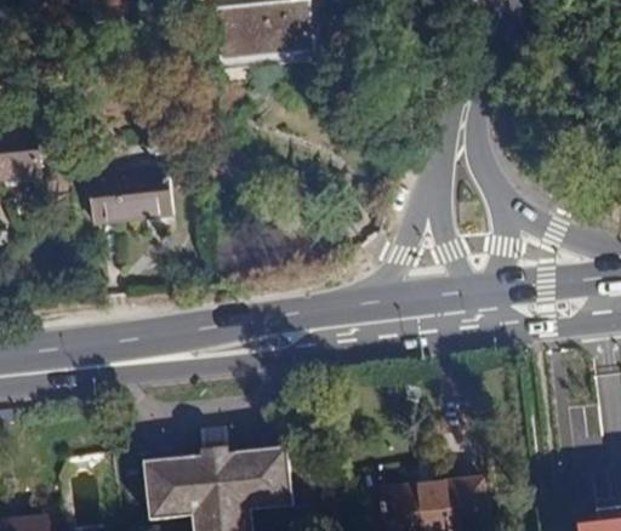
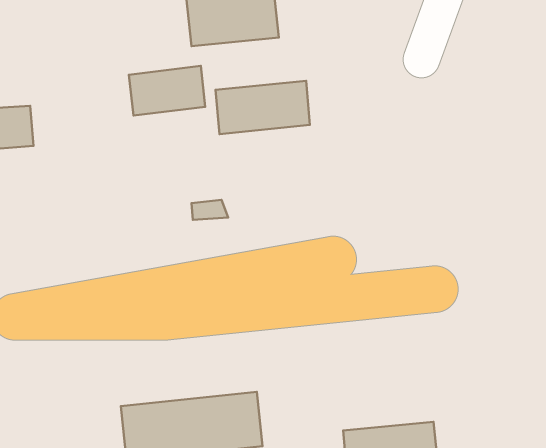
building: none -> [215,81,310,134]
building: [89,176,172,230] -> [129,66,205,116]

